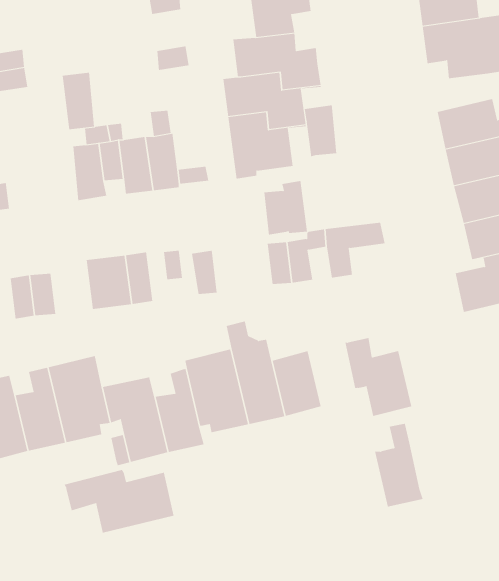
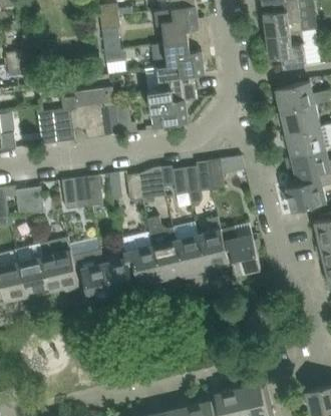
building: [62,72,95,130] -> [36,109,56,144]
building: [304,105,337,157] -> none
building: [263,181,308,235] -> [138,165,165,198]
building: [374,423,423,507] -> [197,217,227,268]
building: [64,469,174,533] -> none

